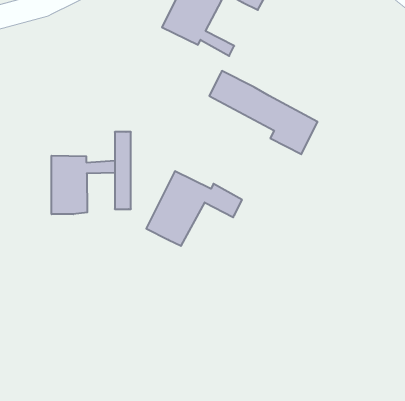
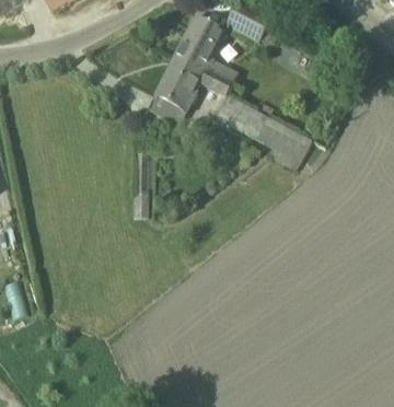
building: [52,156,115,214] -> none
building: [146,171,242,246] -> [150,57,234,123]

